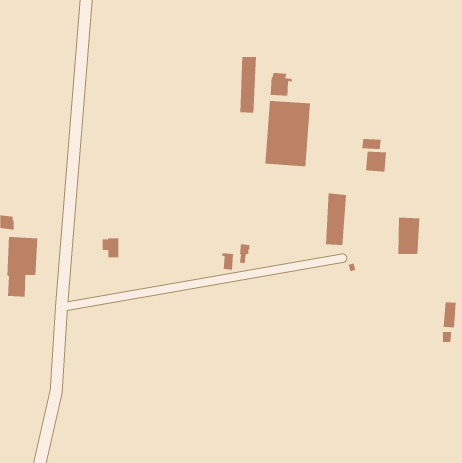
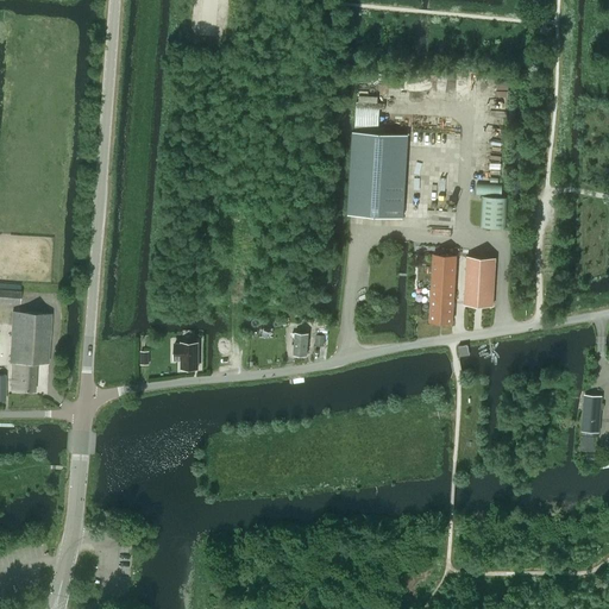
building: [240,56,257,113] -> none
building: [397,217,420,254] -> [465,258,495,307]
building: [102,238,119,258] -> [174,341,196,368]

